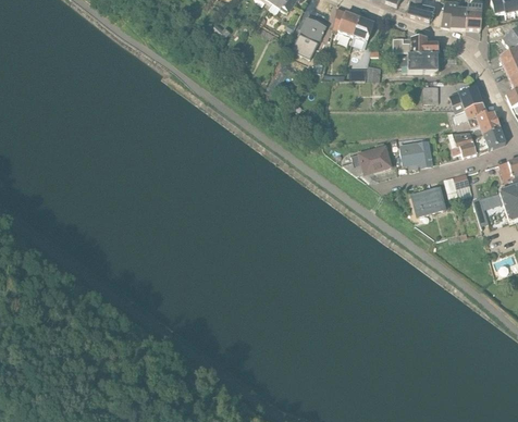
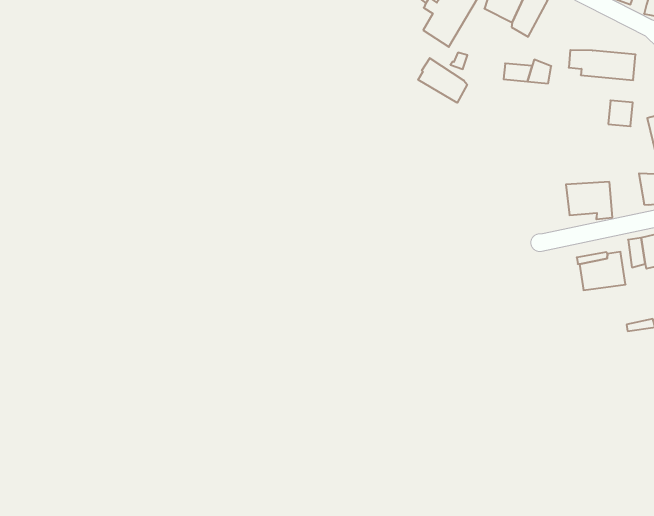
building: [393,37,437,53] -> none
building: none -> [418,58,467,103]
building: [343,141,392,176] -> none

